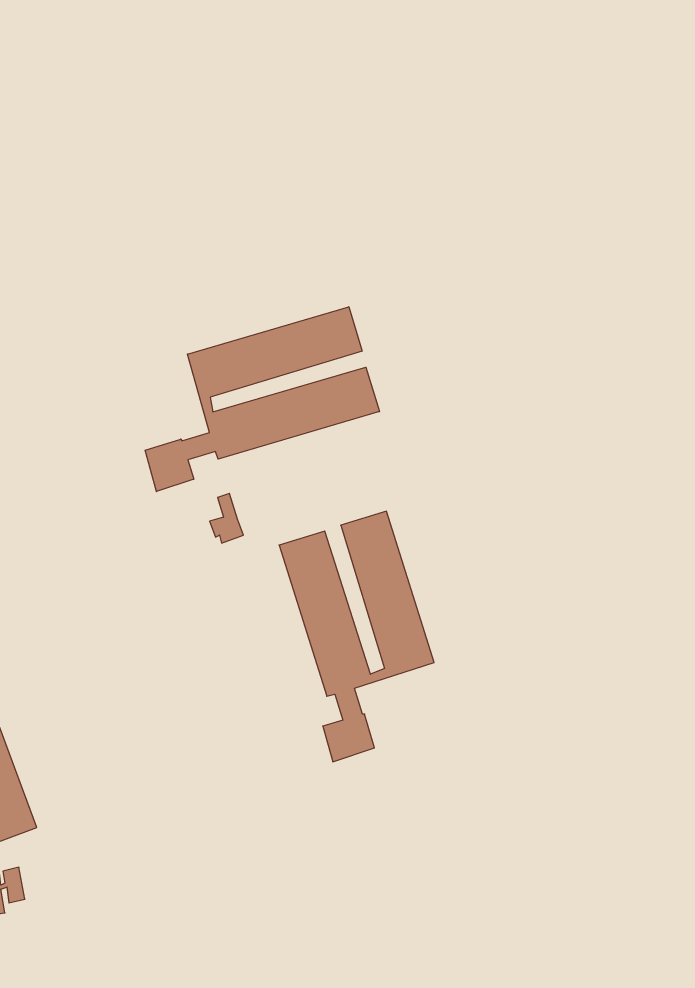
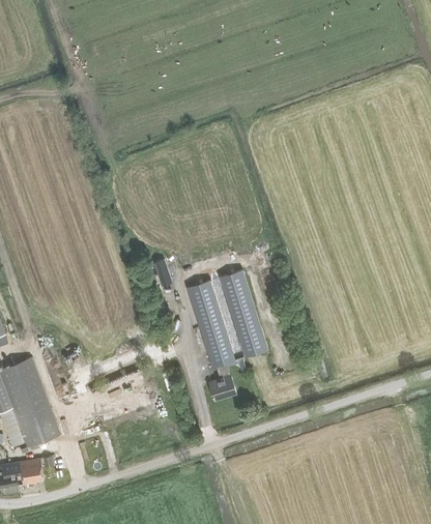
building: [145,307,379,492] -> none

